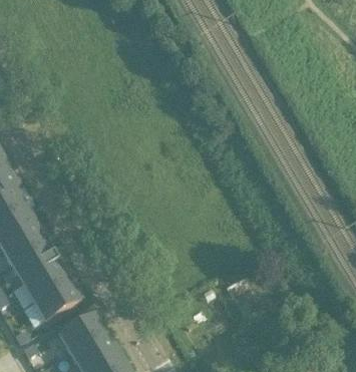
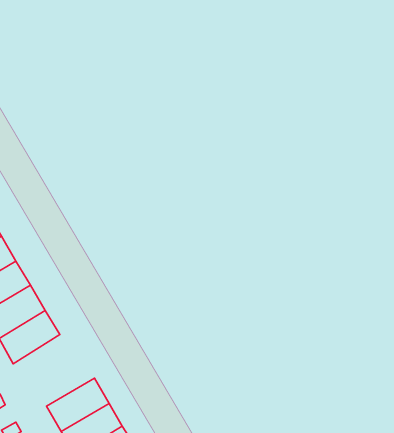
building: [36,281,83,322] -> none

